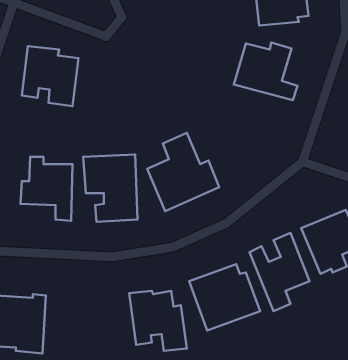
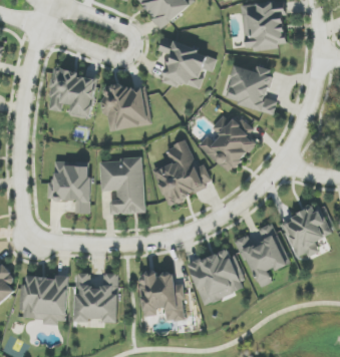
building: none -> [158,38,218,87]
building: none -> [100,82,149,129]
building: none -> [198,114,255,172]
building: none -> [75,272,117,322]

